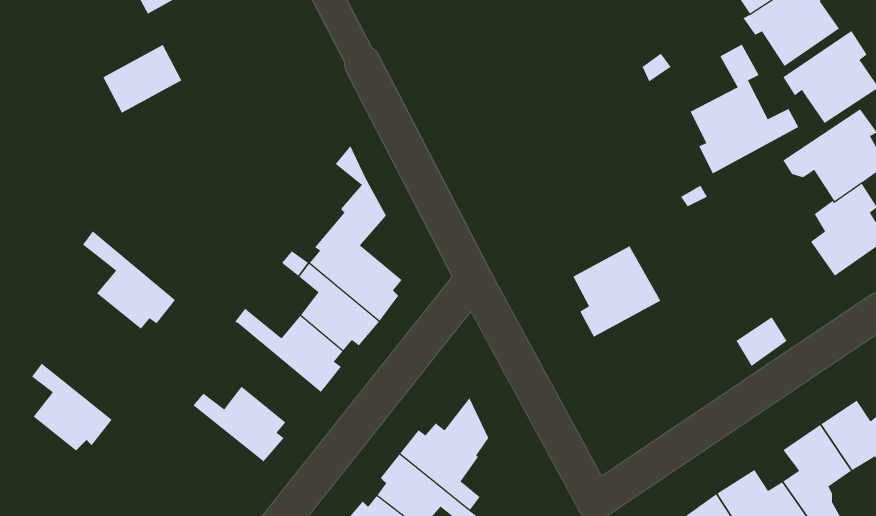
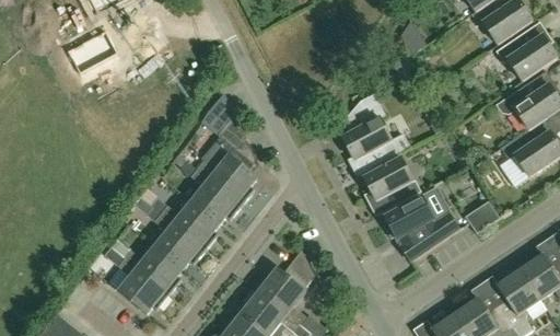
building: [690,44,799,174] -> [341,93,410,175]
building: [82,231,176,330] -> [145,206,205,268]
building: none -> [382,196,458,260]
building: [31,363,113,451] -> [117,257,168,313]

